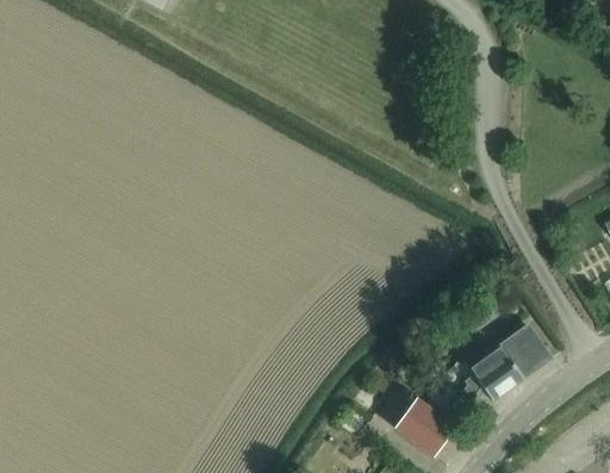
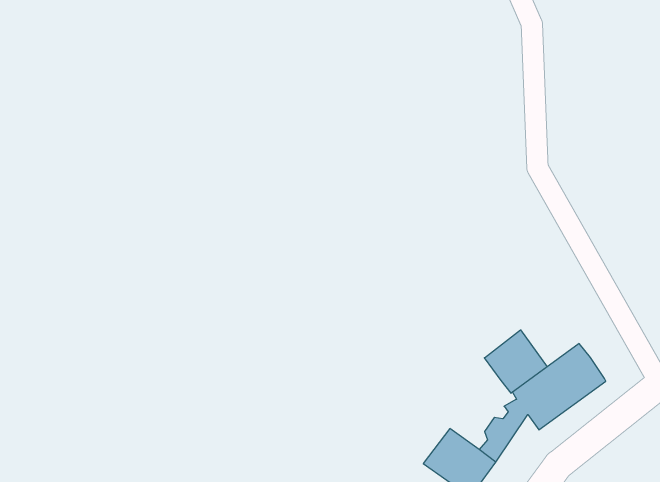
building: none -> [484,330,547,393]

